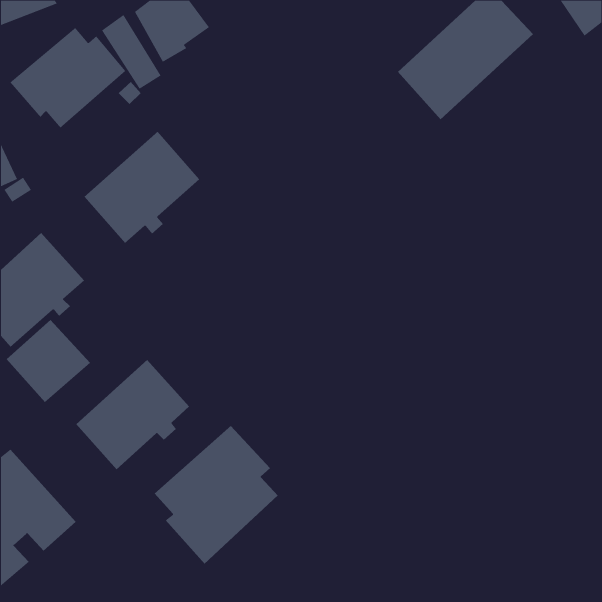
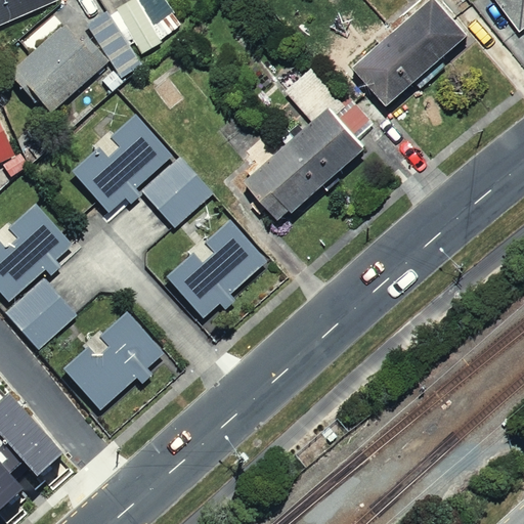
building: none -> [234,64,370,221]
building: none -> [141,158,213,228]
building: none -> [167,221,266,318]
building: [154,425,279,564] -> none

